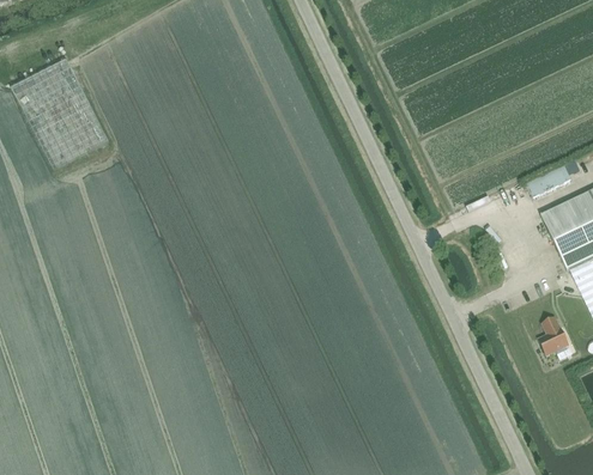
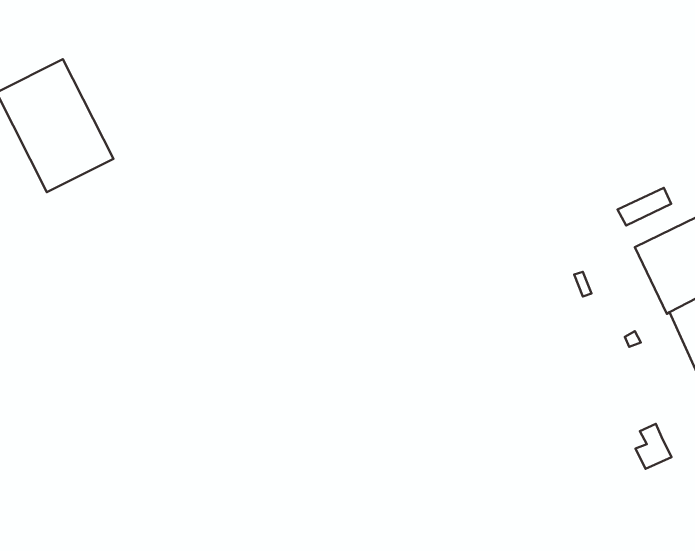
building: [538,316,568,353] -> [635,424,672,469]

